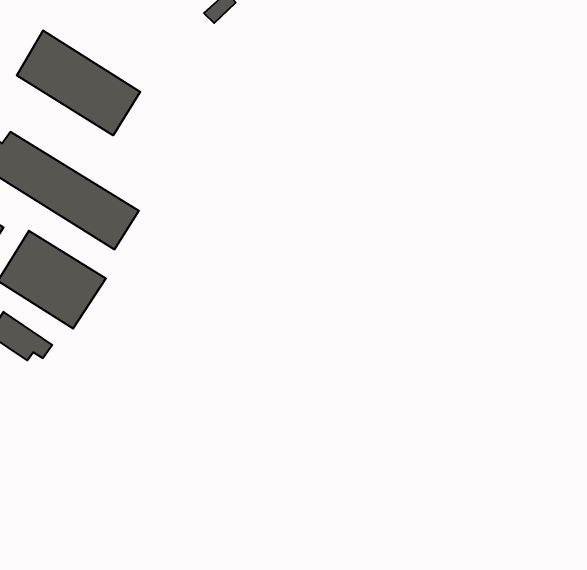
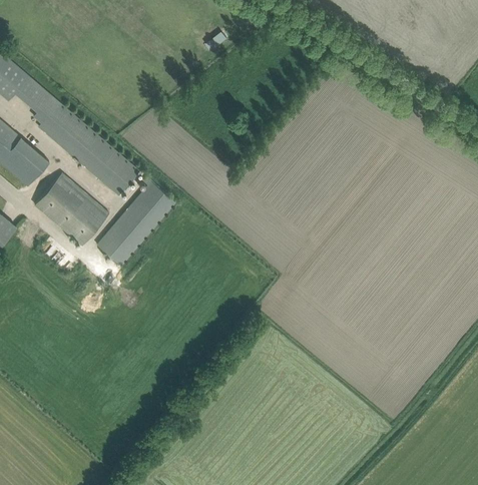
building: [17,30,140,135] -> none
building: none -> [96,176,175,265]

